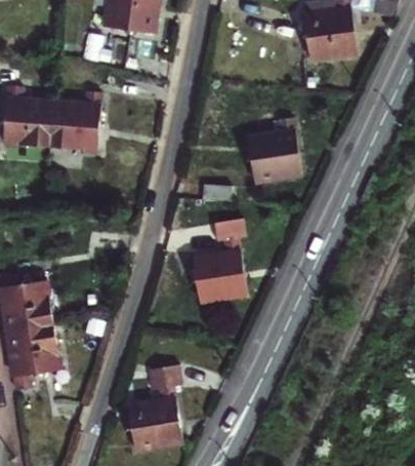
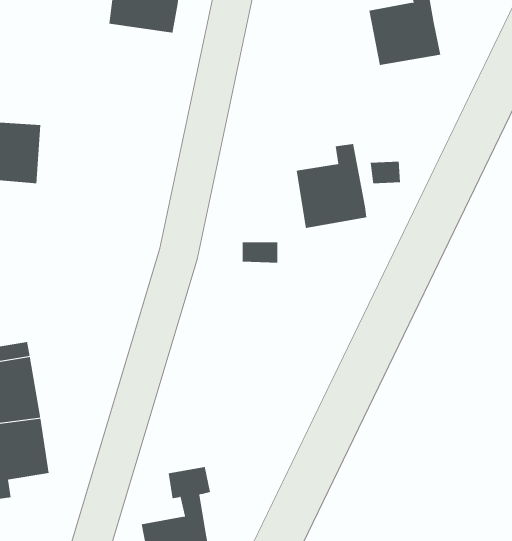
building: [49,91,101,151] -> none
building: [192,216,247,301] -> none

